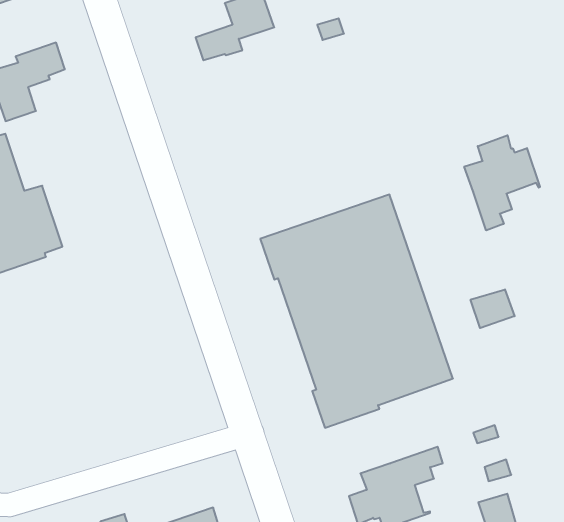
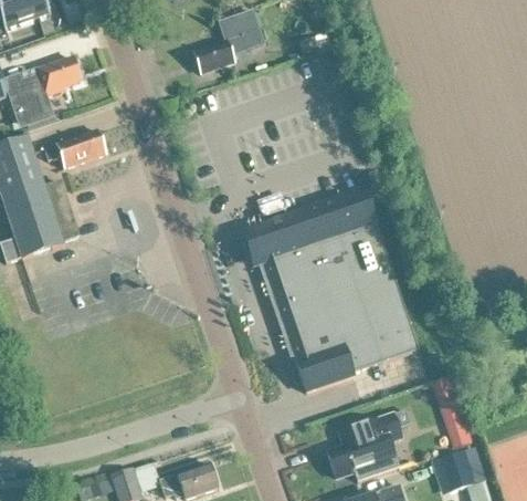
building: none -> [43,129,105,168]
building: [464,135,540,230] -> none
building: [471,289,515,328] -> none

